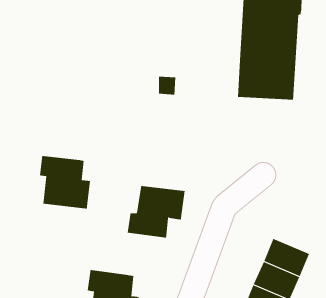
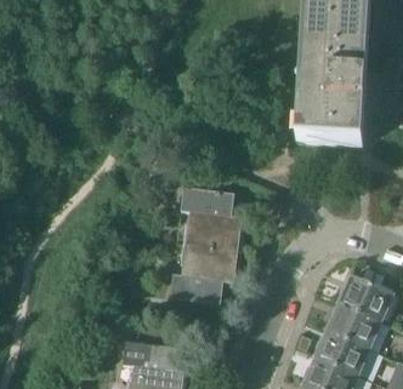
building: [39,156,91,209] -> [182,188,242,250]
building: none -> [339,276,393,322]

